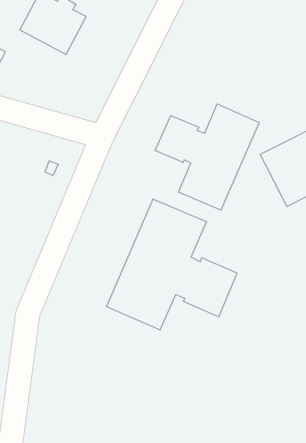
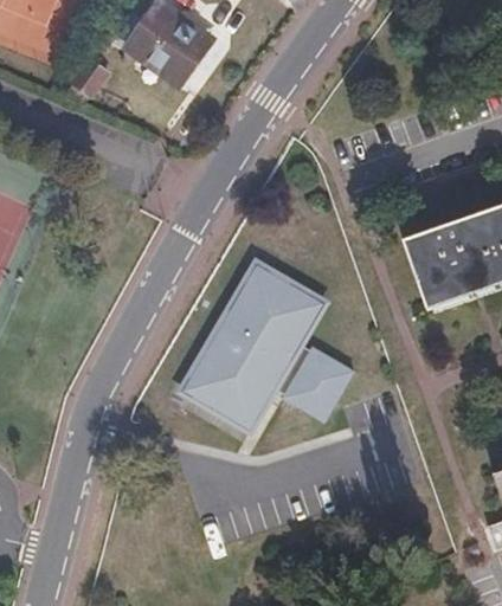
building: [155,104,259,210] -> none

